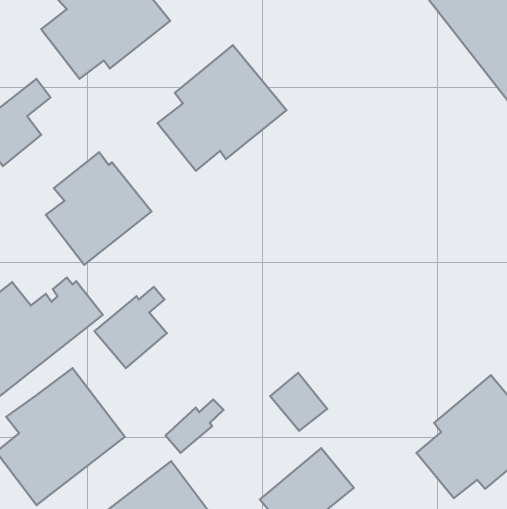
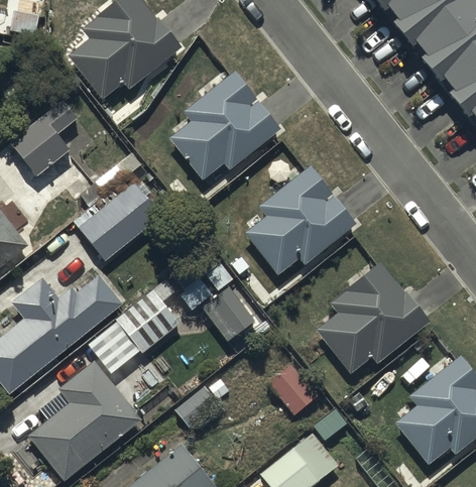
building: none -> [244,166,355,277]
building: none -> [316,263,430,375]
building: none -> [203,288,255,342]

